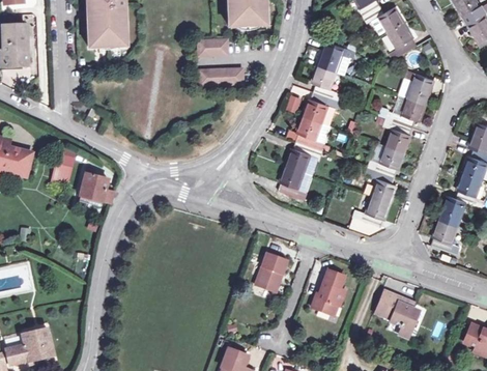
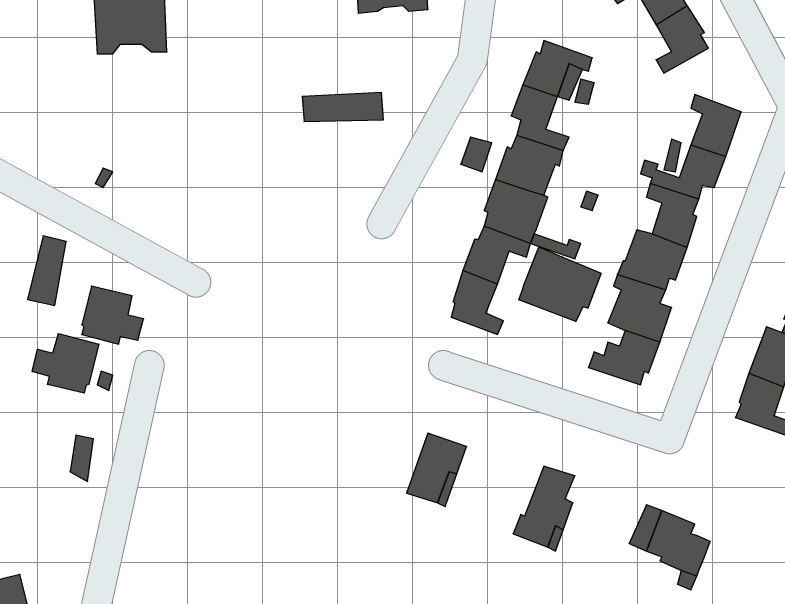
building: [198,40,227,56] -> none
building: none -> [519,247,601,321]
building: none -> [32,334,99,393]

